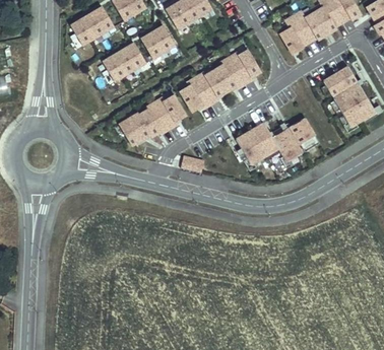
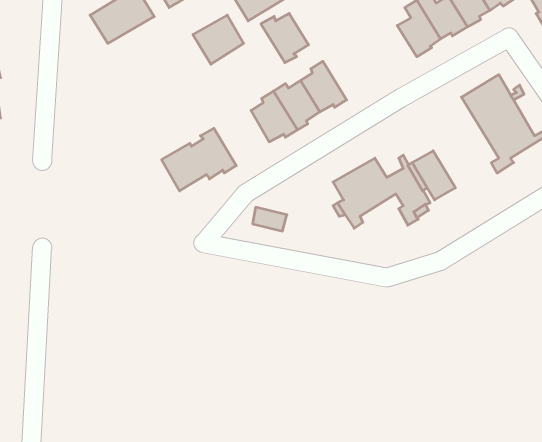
building: [102,42,146,81] -> none
building: [229,50,261,83] -> [261,13,309,63]
building: [154,94,186,128] -> none

